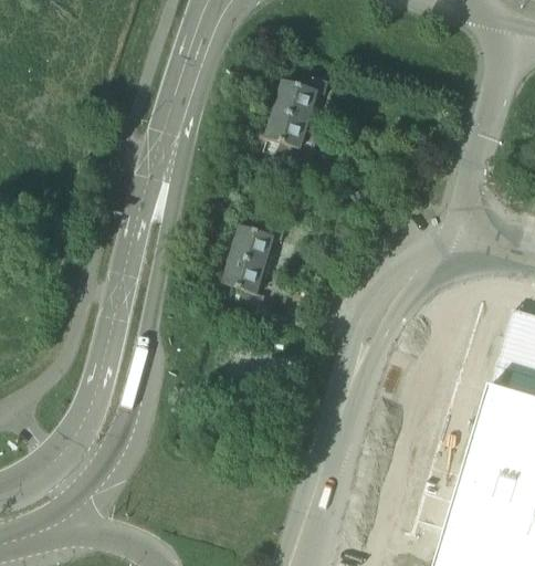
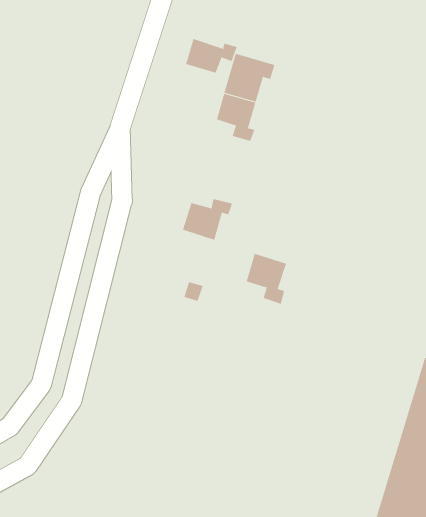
building: none -> [186,38,238,74]
building: [223,255,266,310] -> [246,253,287,305]

